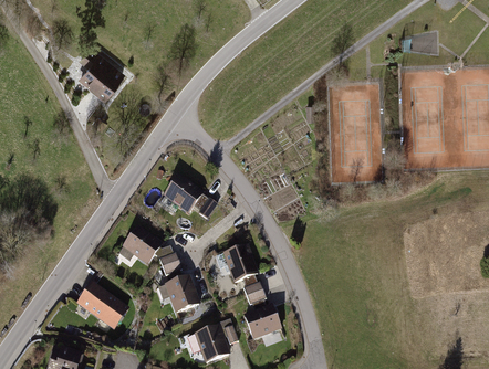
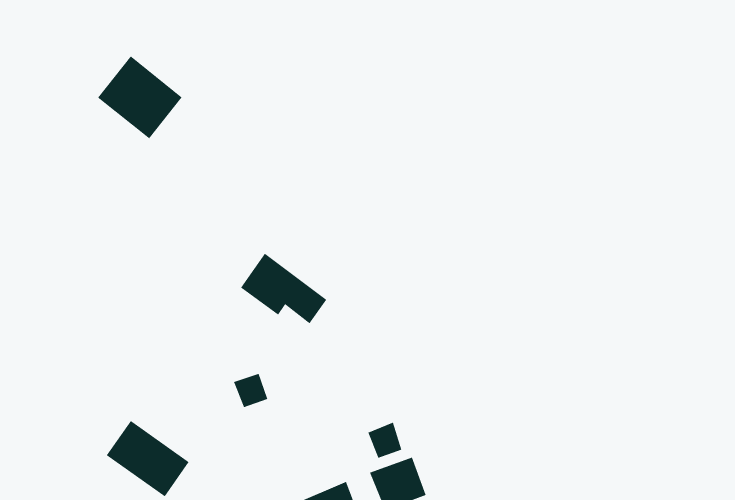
building: [117,226,162,265] -> none
building: [222,245,258,282] -> none
building: [163,275,199,313] -> none

